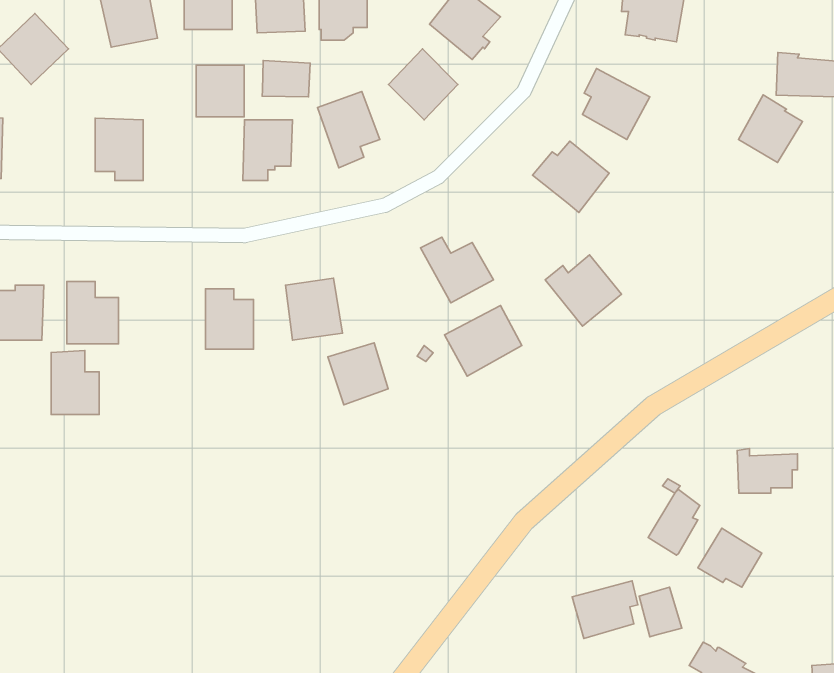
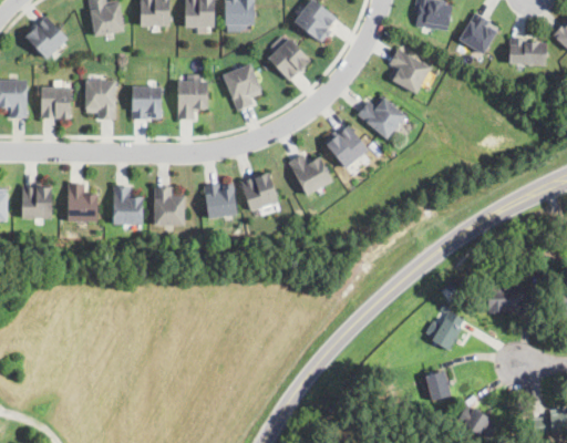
building: [262,61,310,97] -> none
building: [196,65,244,117] -> [132,86,162,119]
building: [738,95,802,162] -> [458,13,498,55]
building: none -> [40,87,71,119]
building: [545,255,622,326] -> [322,124,370,168]
building: [445,306,522,376] -> none
building: [328,343,388,405] -> [240,172,278,210]
building: [51,351,99,415] -> [113,184,143,224]
building: [698,528,762,587] -> none
building: [572,581,638,639] -> none

